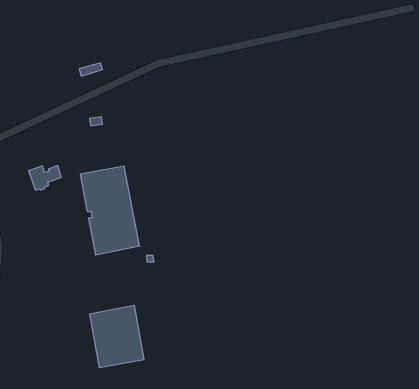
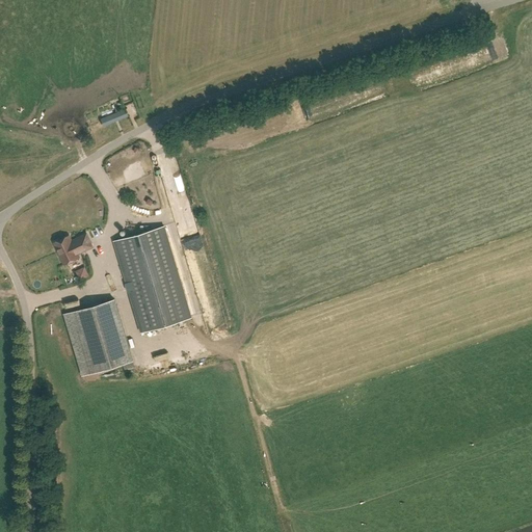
building: [89,305,144,368] -> [63,299,132,375]

